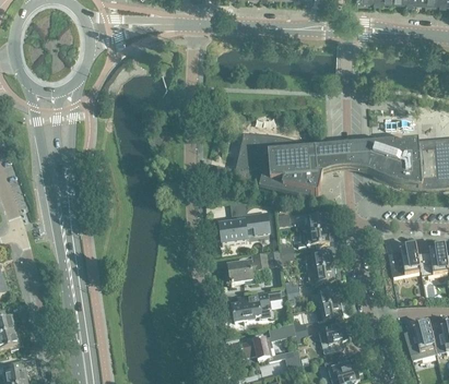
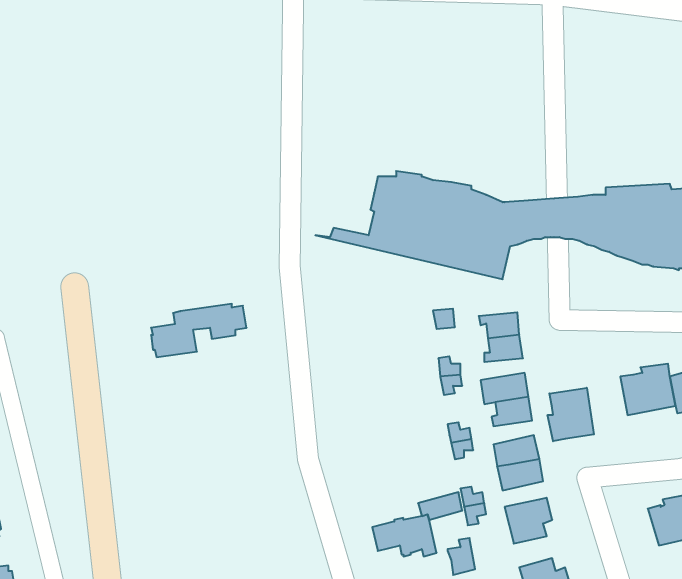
building: [220,211,276,242] -> [151,304,247,357]
building: [226,251,269,283] -> none
building: none -> [548,388,594,441]
building: [232,288,281,320] -> none

